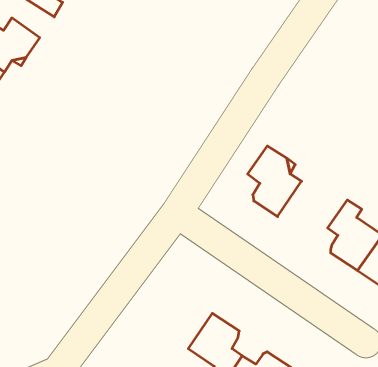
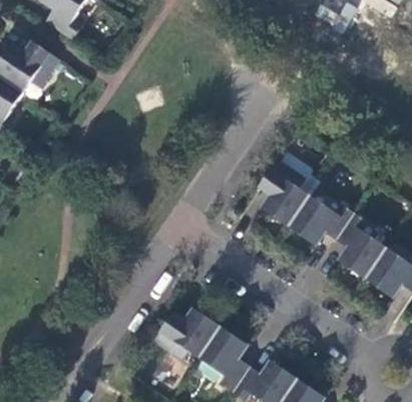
building: none -> [287,196,354,244]
building: none -> [157,308,224,358]

